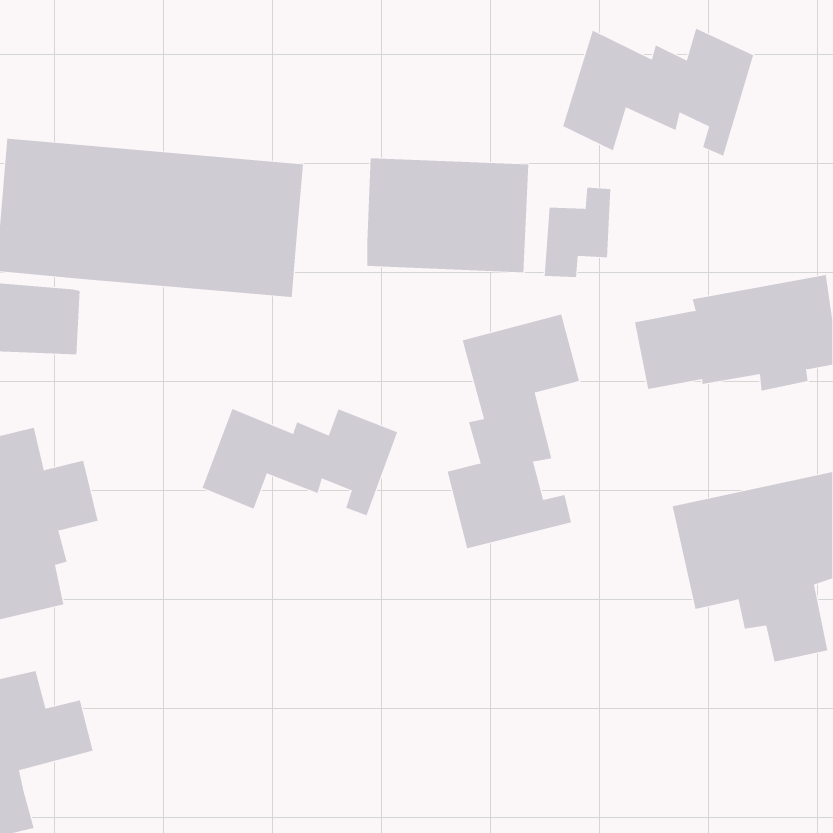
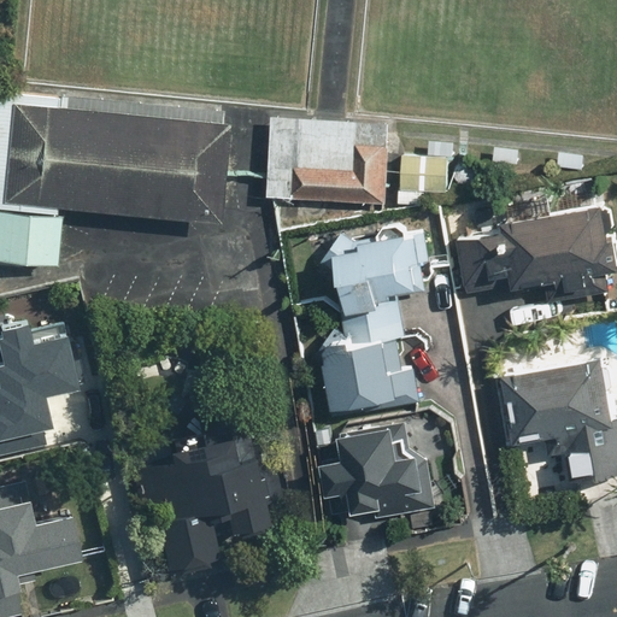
building: [563,28,754,157] -> none
building: [202,408,398,516] -> none
building: none -> [151,412,268,569]
building: none -> [325,427,429,516]

